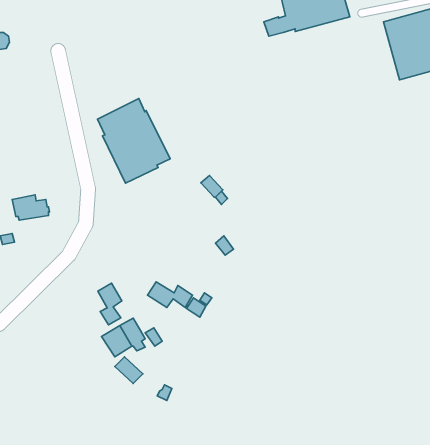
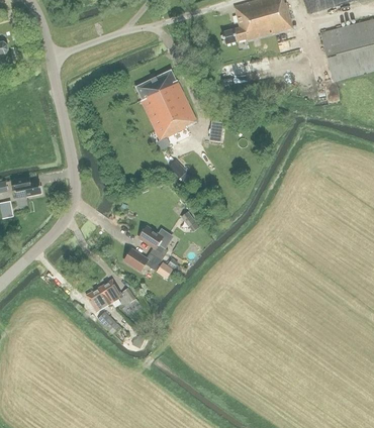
building: [98,98,170,183] -> [135,69,196,139]
building: none -> [138,225,171,259]
building: [98,283,122,325] -> none

